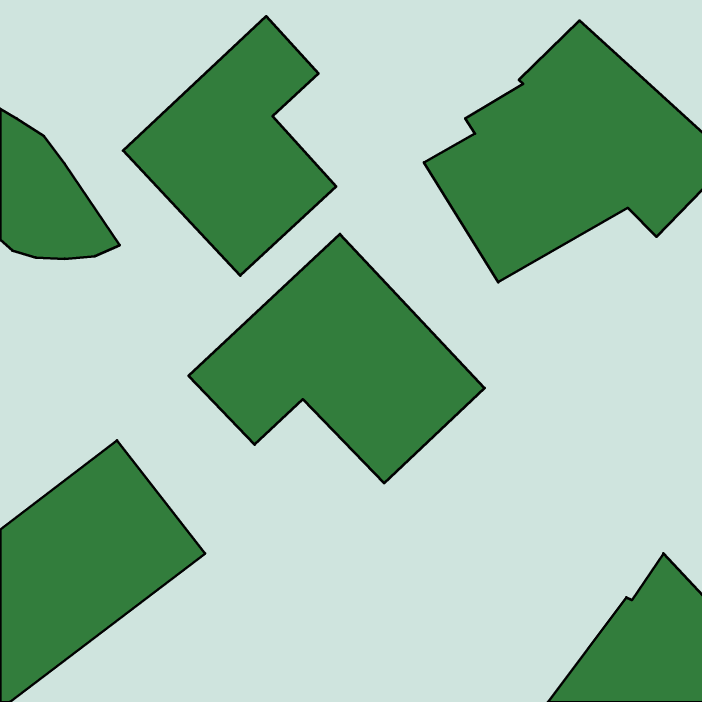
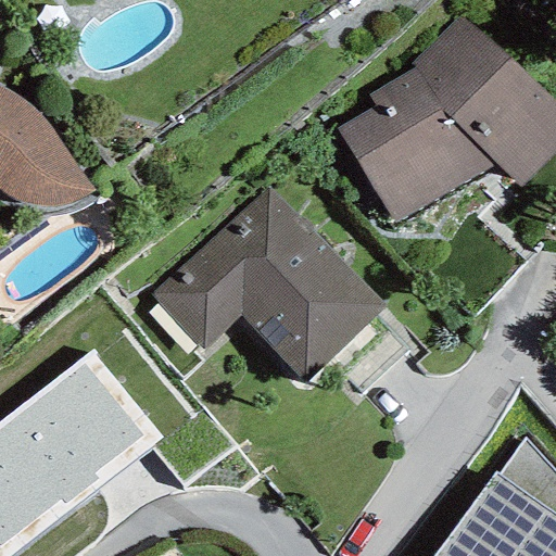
building: [123,16,336,276] -> none

